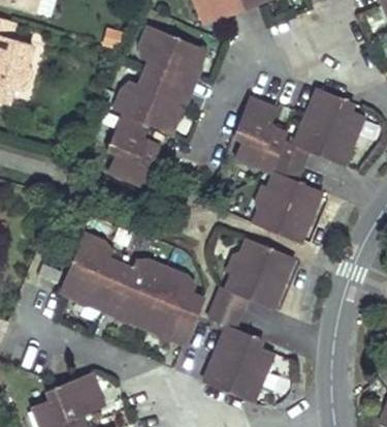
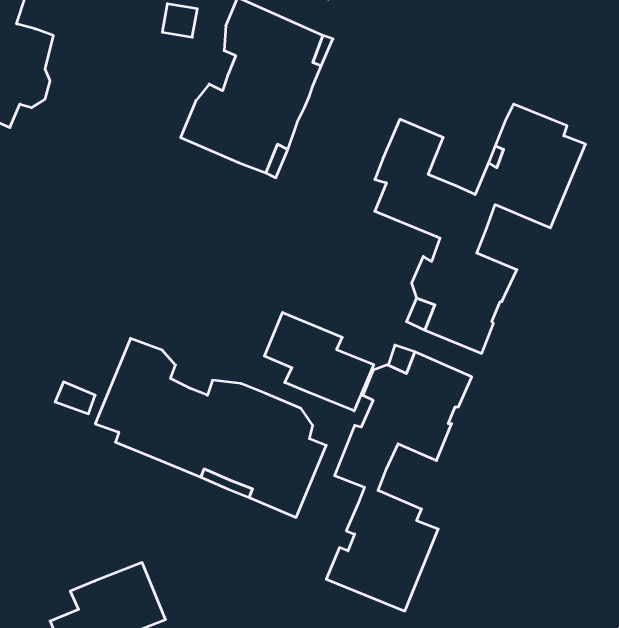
building: [106,113,159,185] -> none
building: none -> [264,312,374,411]

